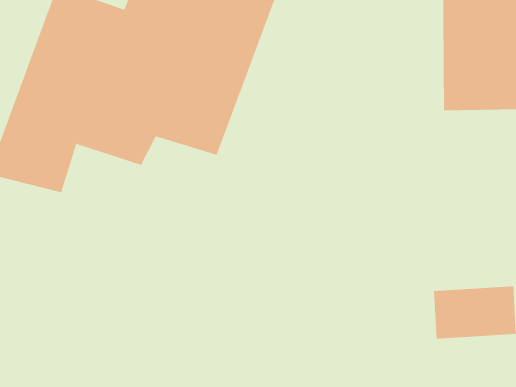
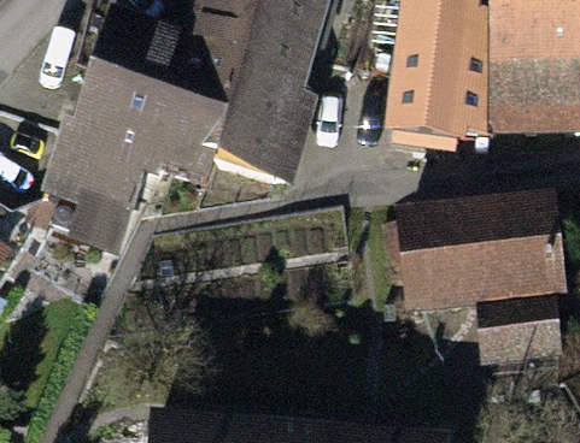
building: none -> [386,35,471,137]
building: none -> [398,201,551,311]

